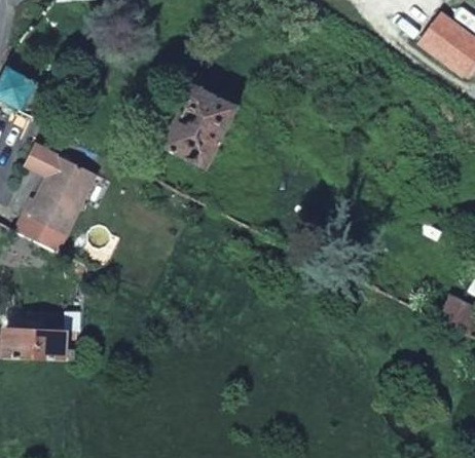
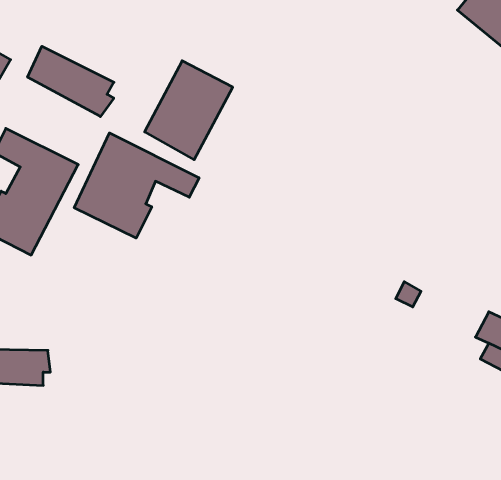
building: none -> [28,46,114,117]
building: none -> [74,133,199,238]

